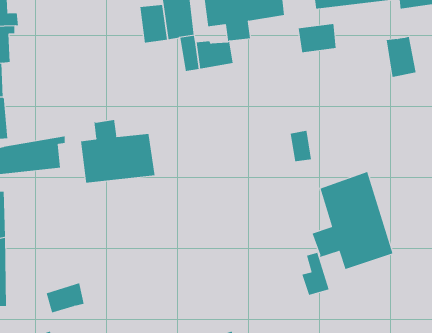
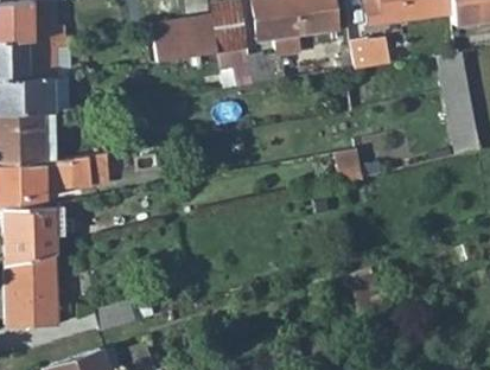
building: none -> [157,20,196,62]
building: none -> [446,87,482,155]
building: [81,119,155,184] -> none
building: [312,171,393,270] -> none

